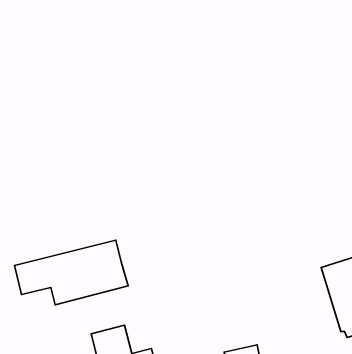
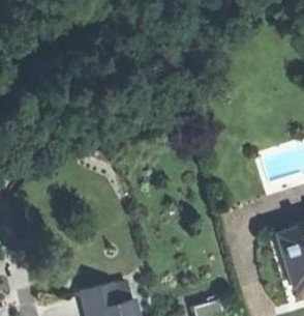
building: [14,240,128,305] -> none

